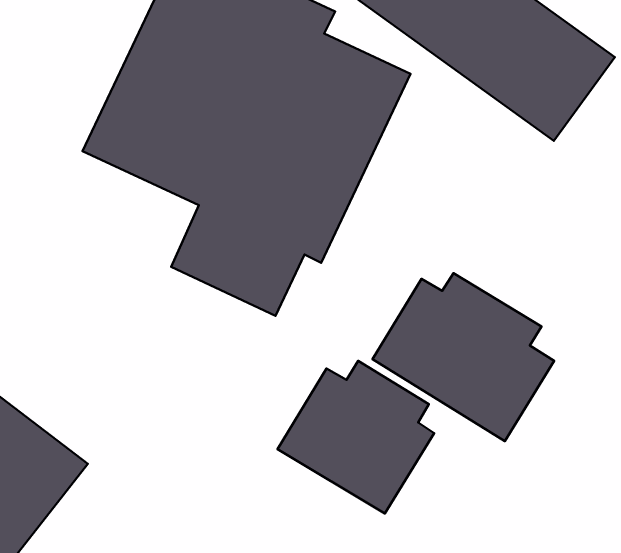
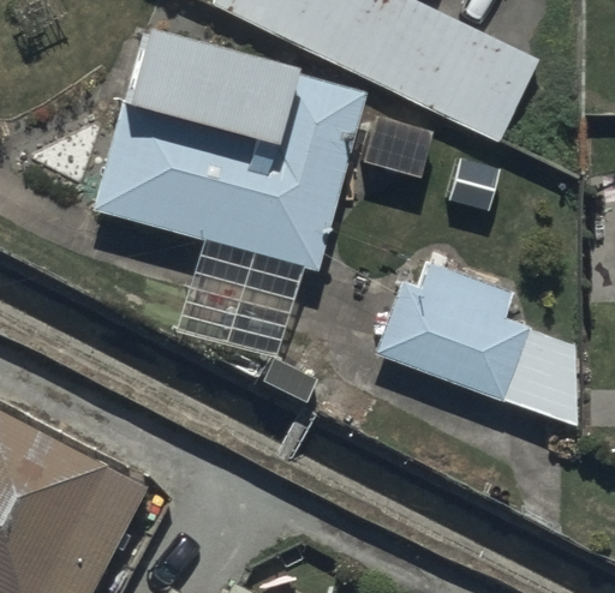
building: [277,361,434,514] -> none

